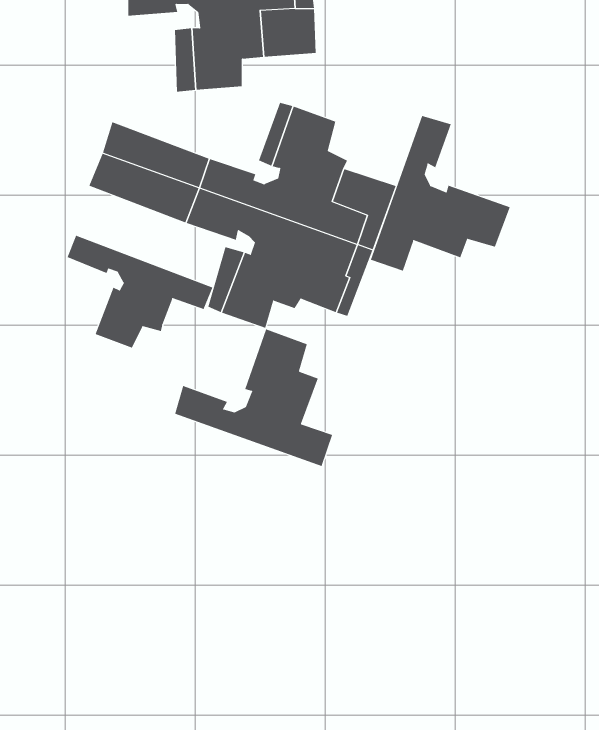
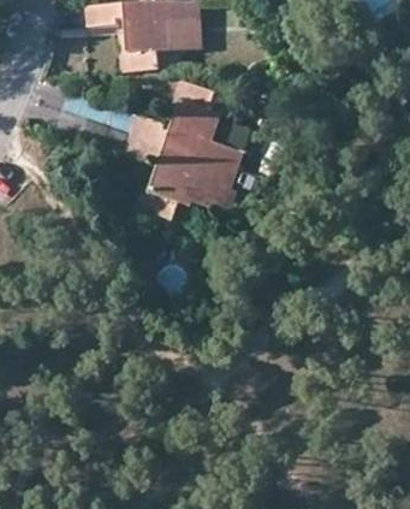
building: [370,115,511,272] -> none
building: [67,235,213,349] -> none
building: [174,328,333,467] -> none

